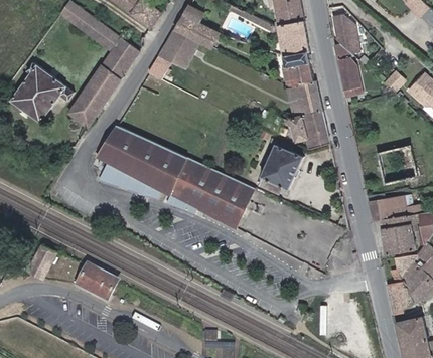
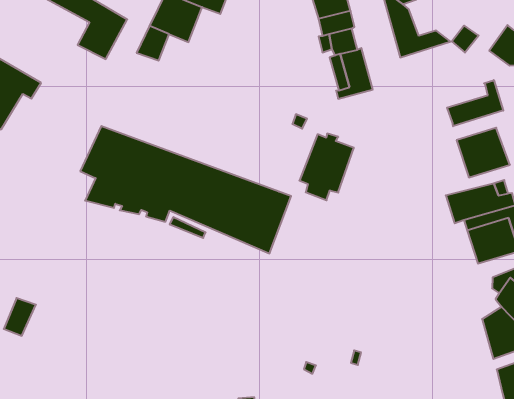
building: [71,63,124,126] -> none
building: none -> [447,80,503,126]
building: [282,113,326,145] -> none
building: [82,268,119,301] -> none

